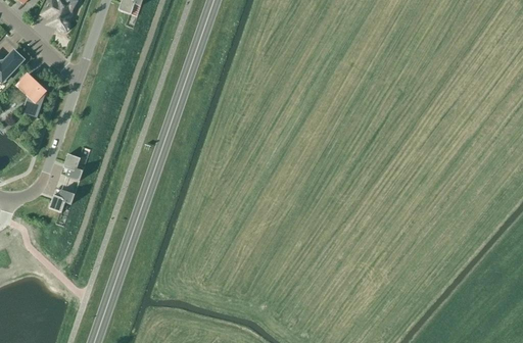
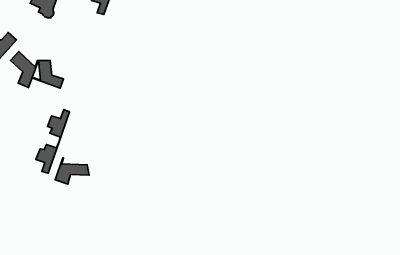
building: none -> [34,60,63,88]
building: none -> [55,158,89,184]

